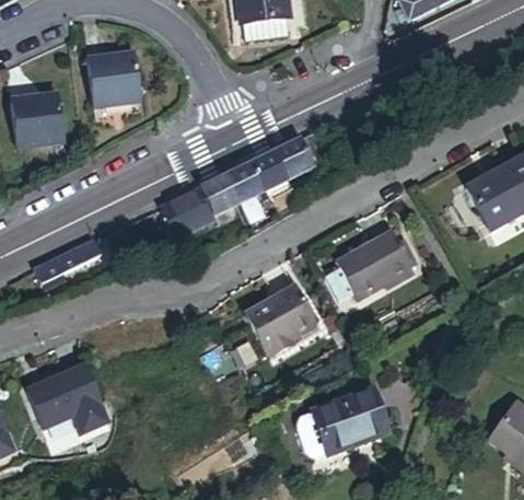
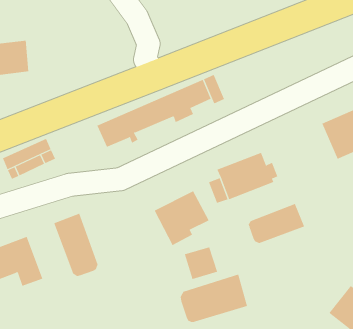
building: [90,56,143,111] -> none
building: none -> [248,203,305,244]
building: none -> [54,213,98,277]
building: none -> [184,246,218,280]

